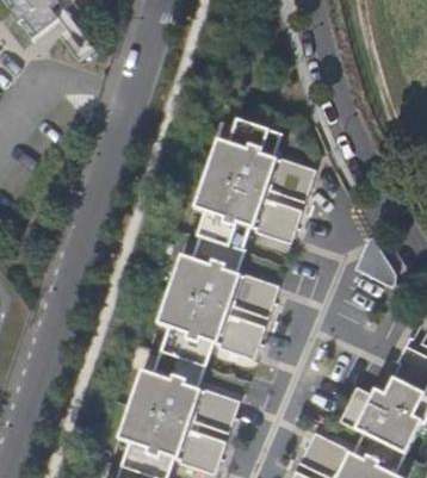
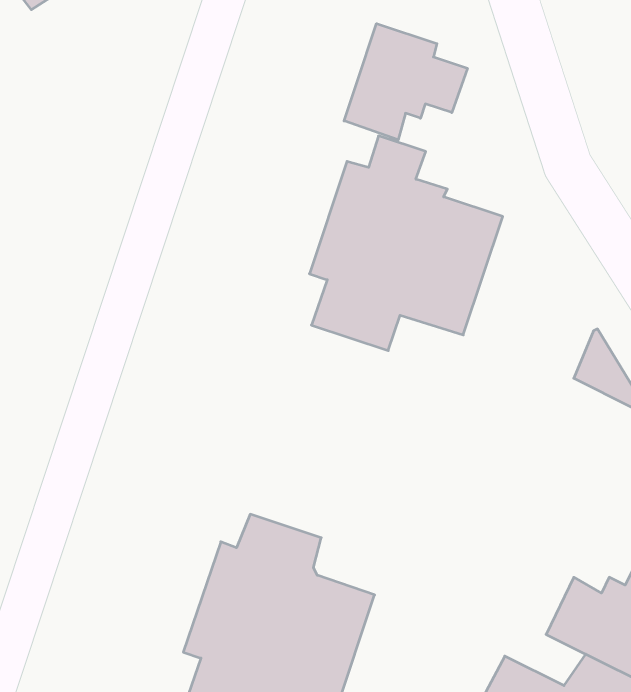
building: none -> [344,24,467,140]
building: [161,232,277,361] -> none

